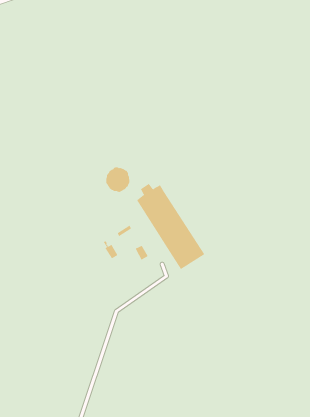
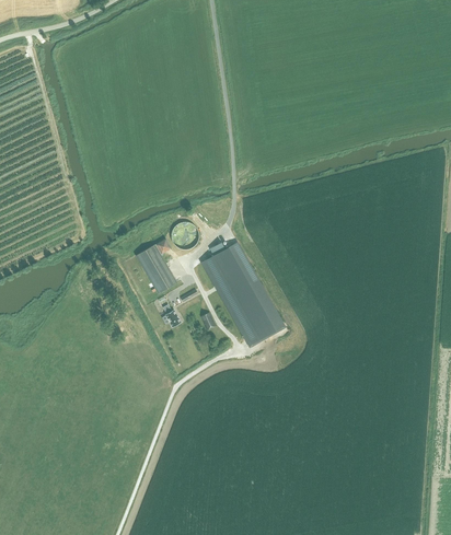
building: none -> [136,239,177,293]

